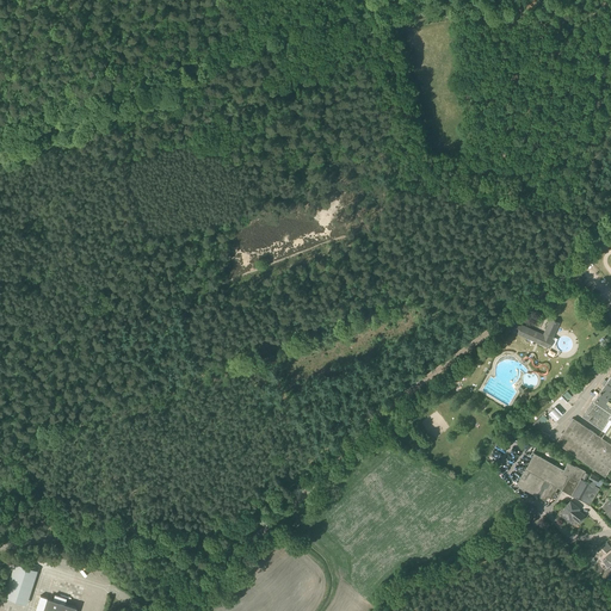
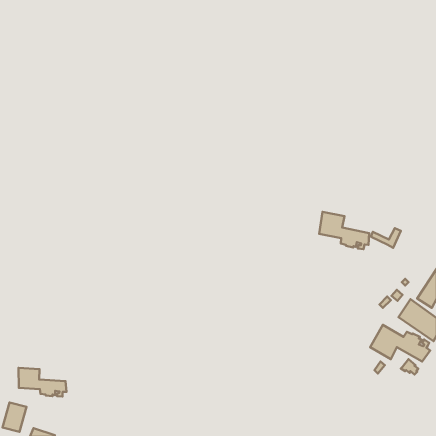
building: none -> [319,212,369,249]
building: none -> [18,368,67,396]

